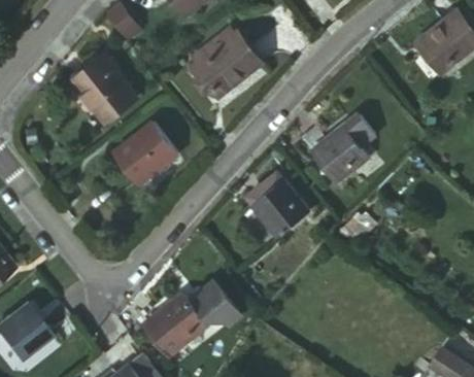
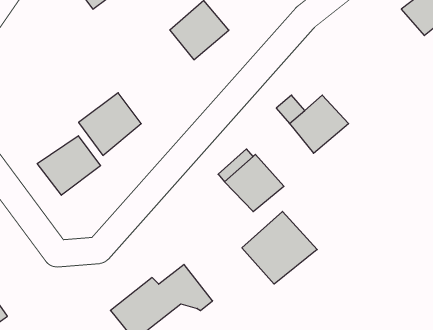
building: [74,56,133,115] -> none
building: none -> [37,136,101,195]
building: none -> [242,211,317,284]

